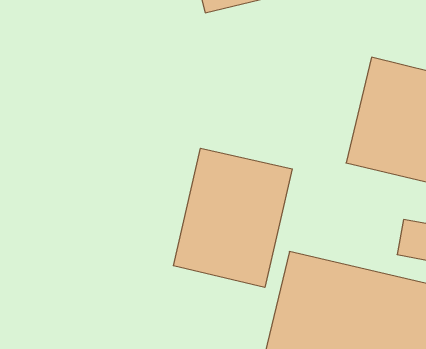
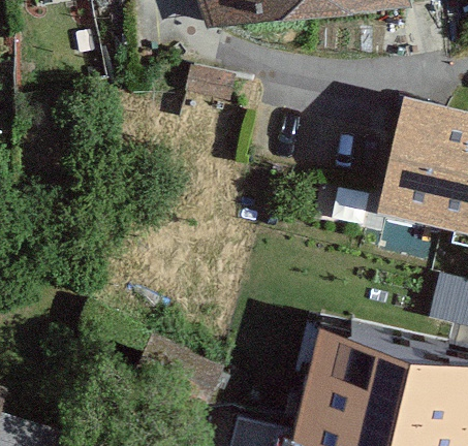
building: [173,148,292,287] -> none

